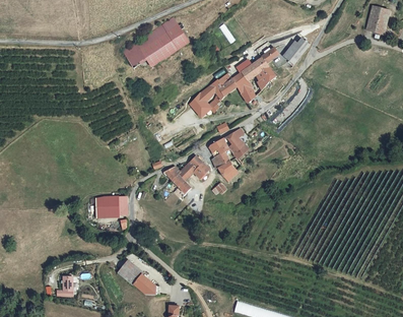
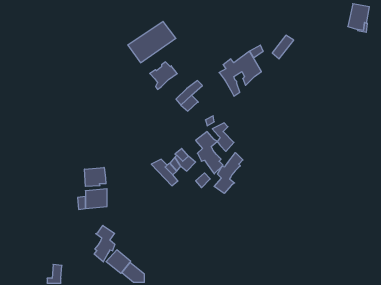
building: [211,73,240,102] -> [150,62,177,89]
building: none -> [214,153,243,193]
building: none -> [85,167,106,186]
building: none -> [94,225,115,262]

